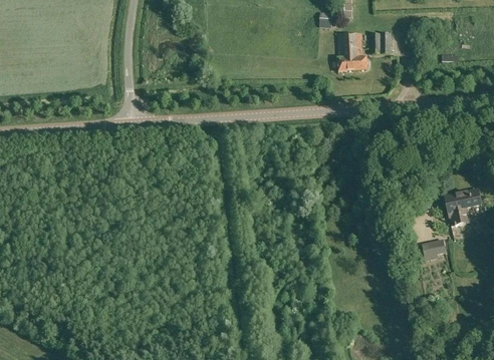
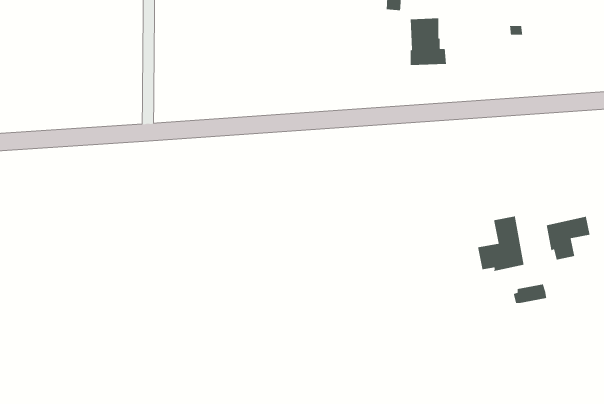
building: [372,32,392,53] -> none
building: none -> [477,215,525,272]

